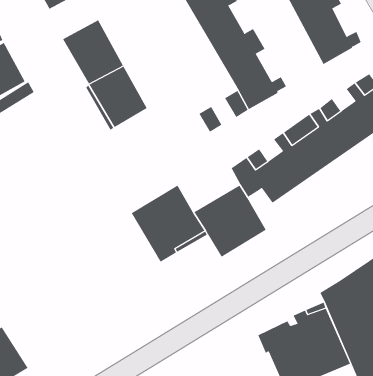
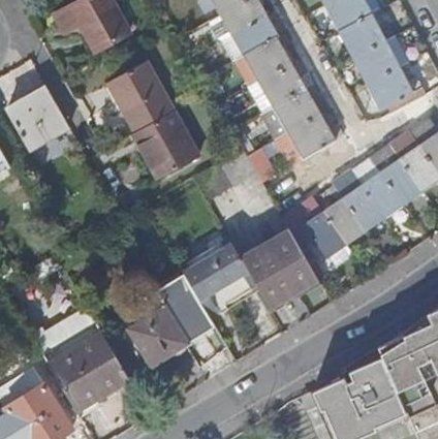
building: none -> [115,249,215,364]
building: none -> [50,333,130,410]

